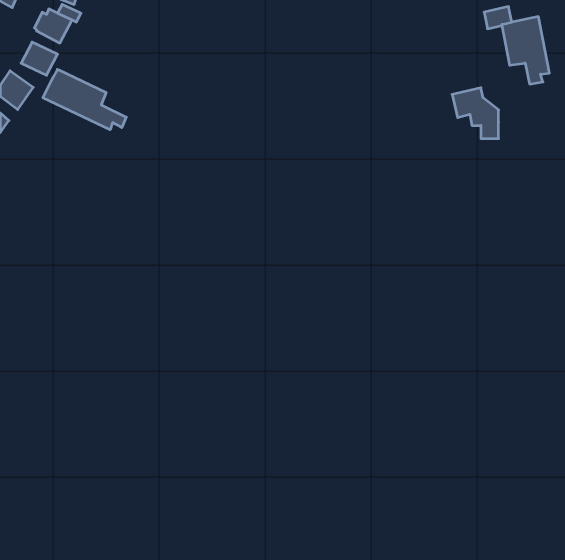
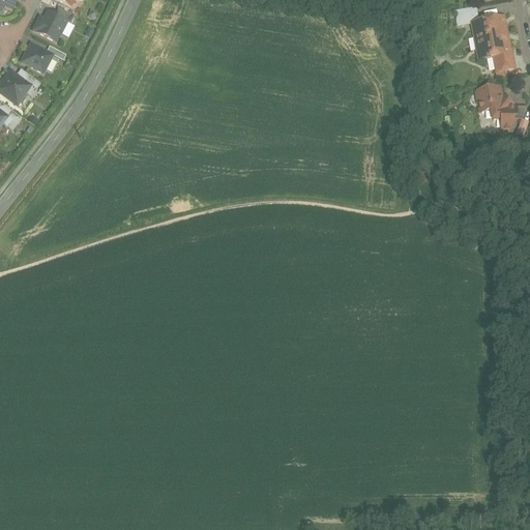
building: [43,69,126,130] -> none
building: [452,88,499,139] -> [473,85,517,132]

